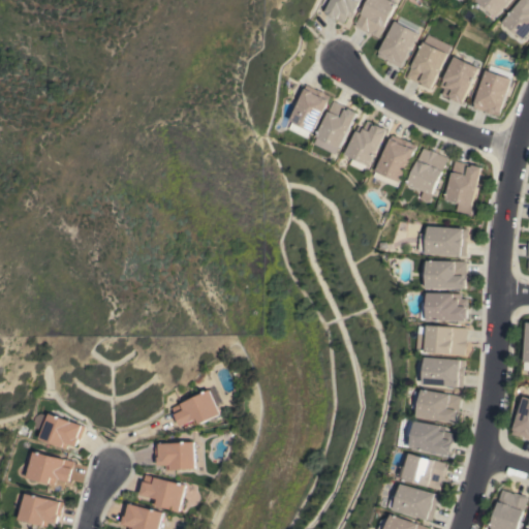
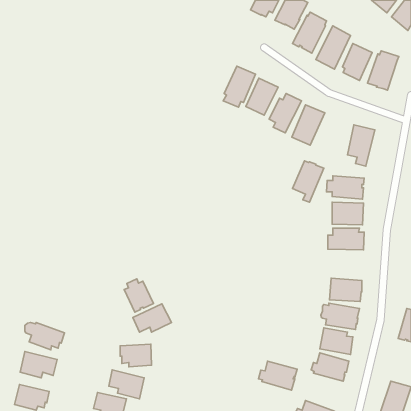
building: [407,149,447,201] -> [293,161,324,202]
building: [416,325,466,355] -> none
building: none -> [124,279,153,312]
building: [390,485,439,522] -> [259,361,297,390]

